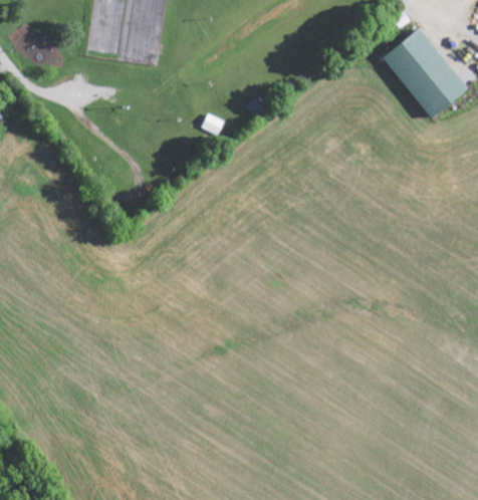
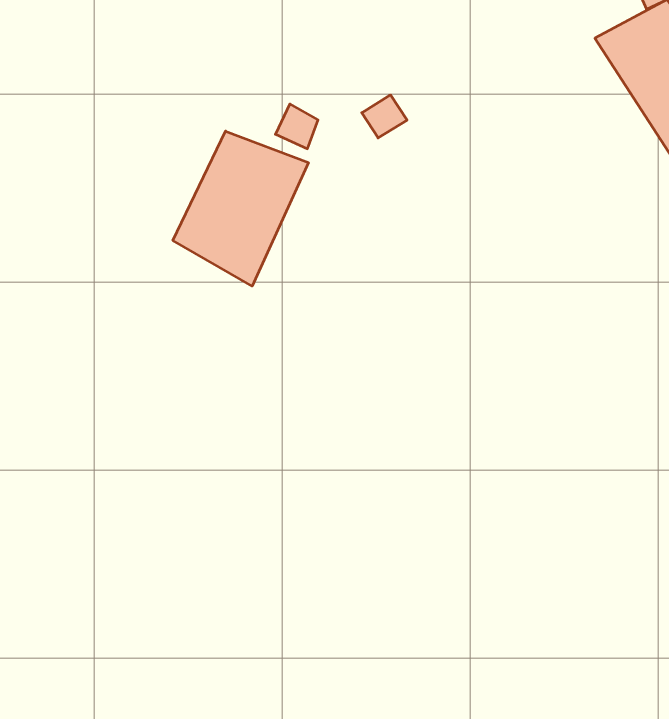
building: none -> [173,131,308,286]

